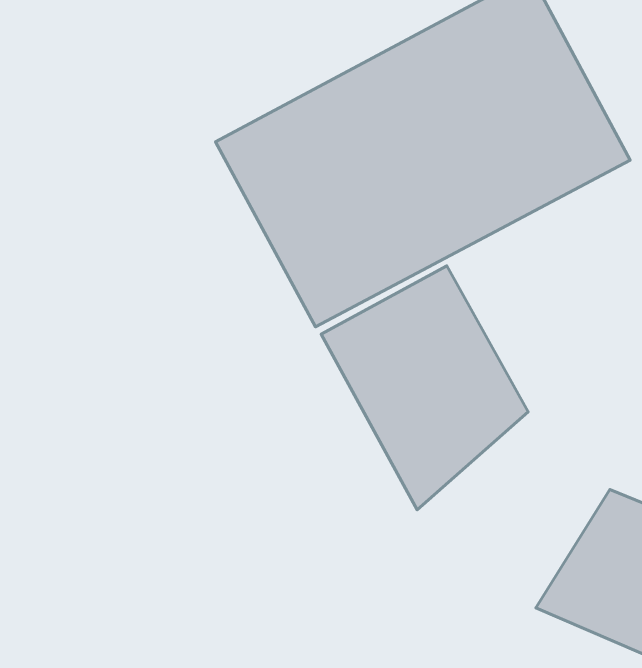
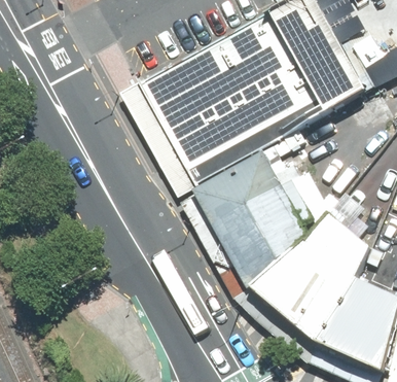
building: none -> [252,217,371,345]

